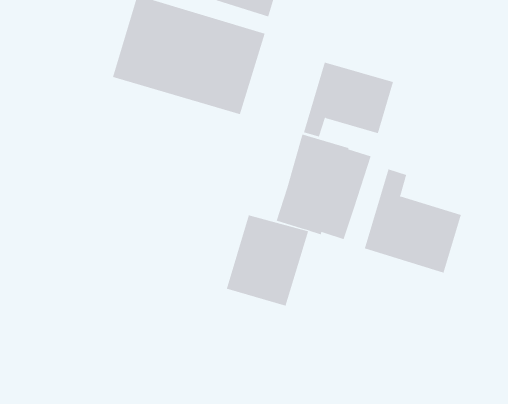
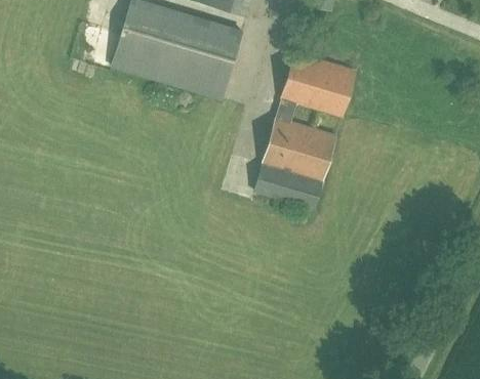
building: [364,169,461,273] -> none
building: [226,214,309,307] -> none

